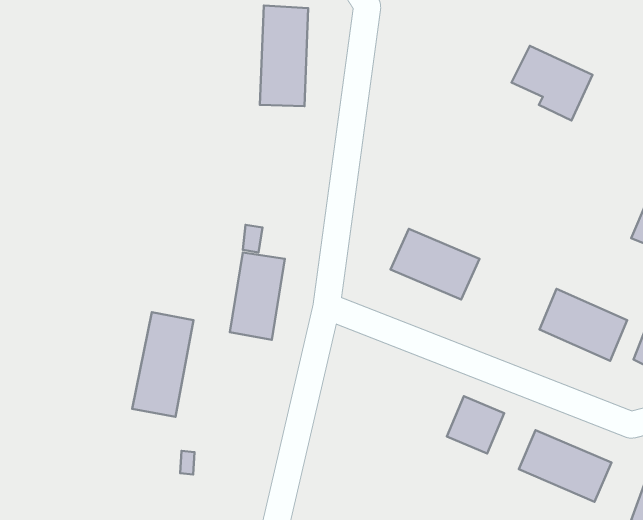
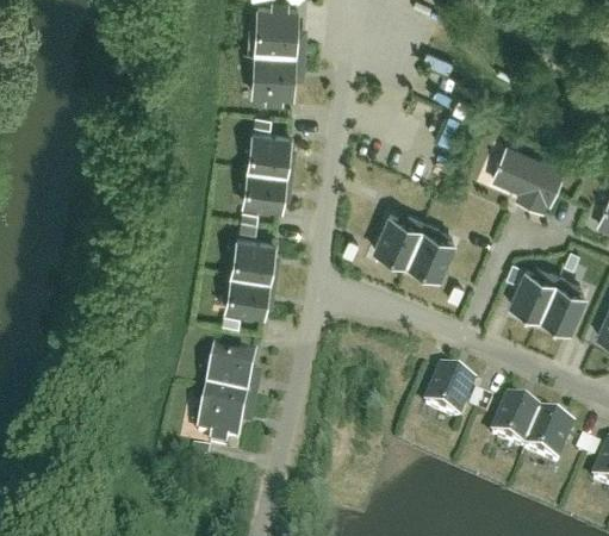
building: [512,46,593,120] -> [486,145,560,213]
building: none -> [243,133,293,210]
building: [132,312,194,417] -> [194,355,250,450]

